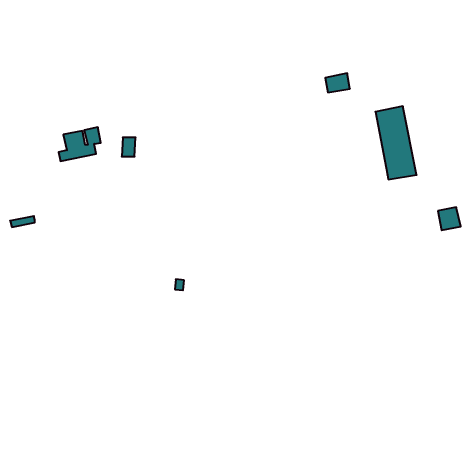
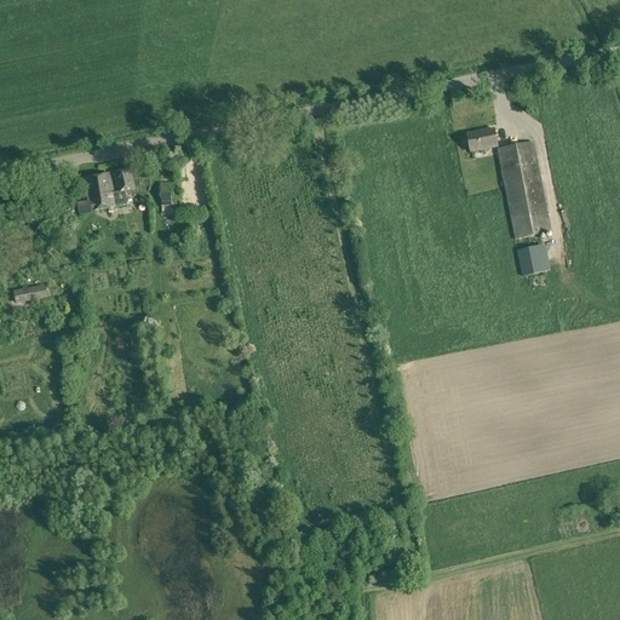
building: [325,73,350,92] -> [465,126,498,151]
building: [438,207,461,230] -> [517,245,547,275]

